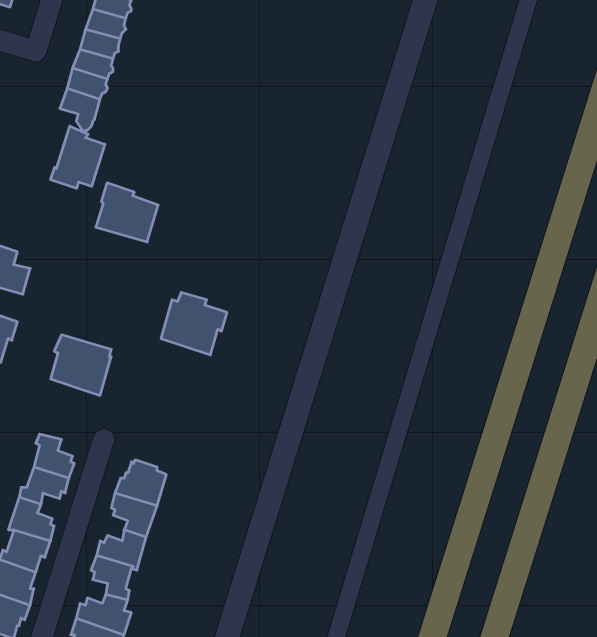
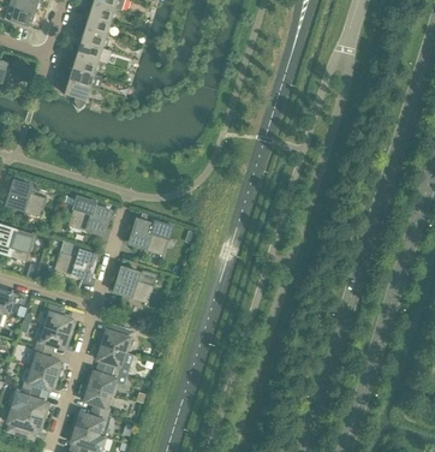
building: [51,126,105,188] -> none
building: [96,183,158,242] -> [70,196,111,234]
building: none -> [113,266,156,301]

